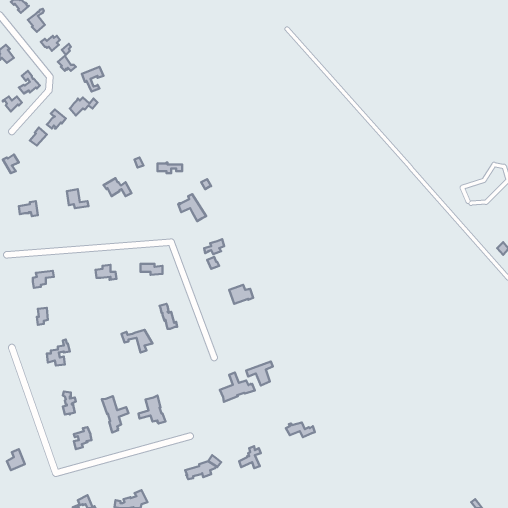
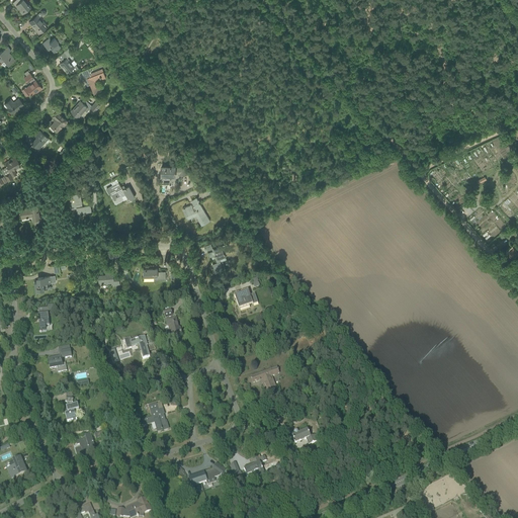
building: [220,372,255,402] -> none
building: [102,396,128,432] -> none

